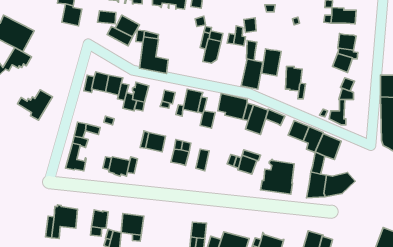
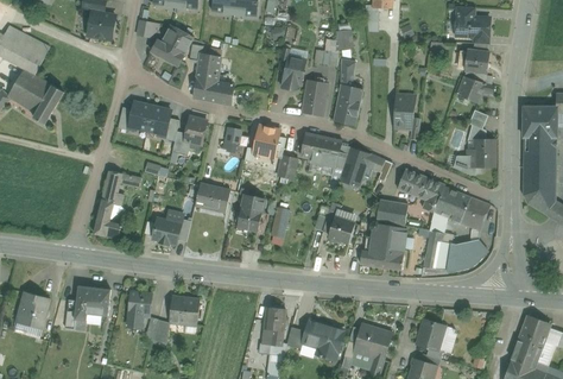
building: [261,49,281,76] -> [301,80,328,116]
building: [18,90,52,120] -> [15,82,63,124]
building: none -> [473,140,494,166]
building: none -> [460,197,489,229]
building: none -> [375,200,407,227]
building: none -> [14,291,50,329]

